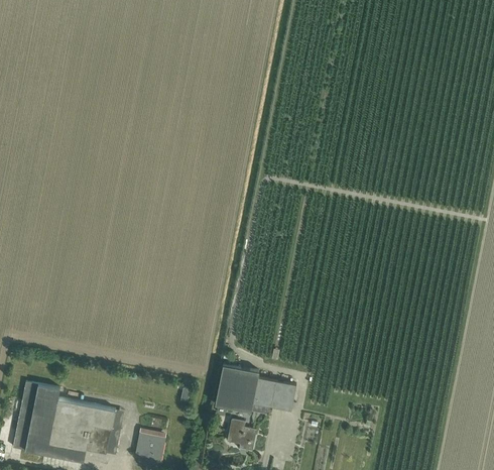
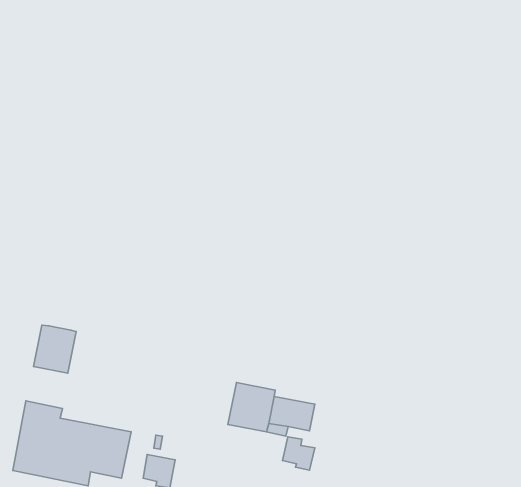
building: none -> [33,325,76,373]
building: [227,419,257,450] -> [283,437,315,470]

